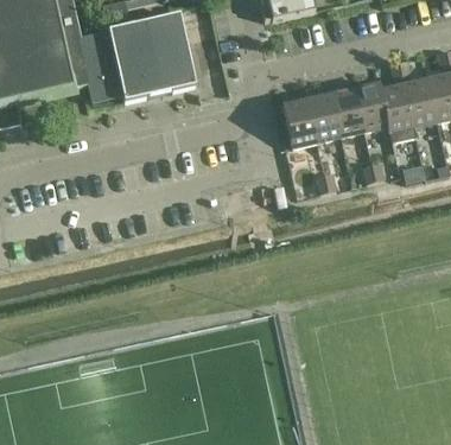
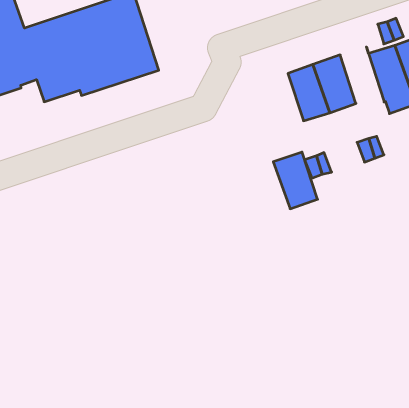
building: [356,81,390,131] -> none
building: [282,97,318,146] -> [273,152,318,209]

